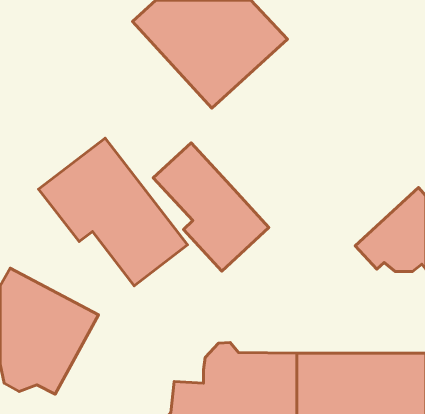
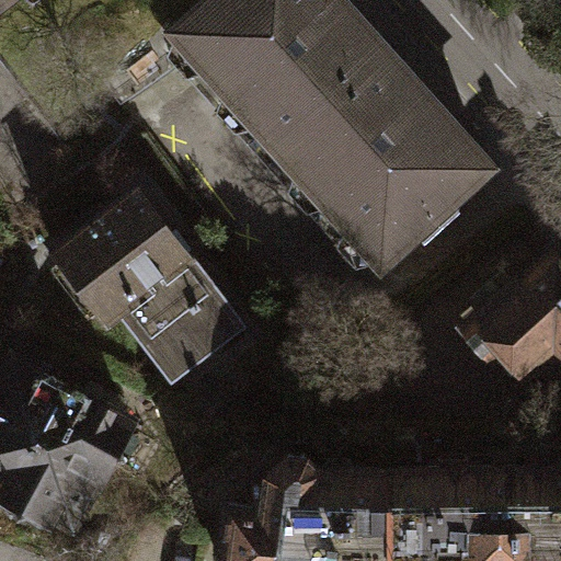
building: none -> [279,67,483,271]
building: [153,143,269,271] -> none

